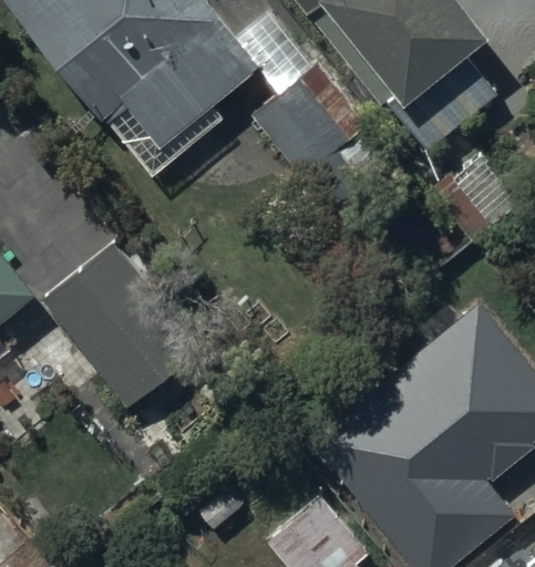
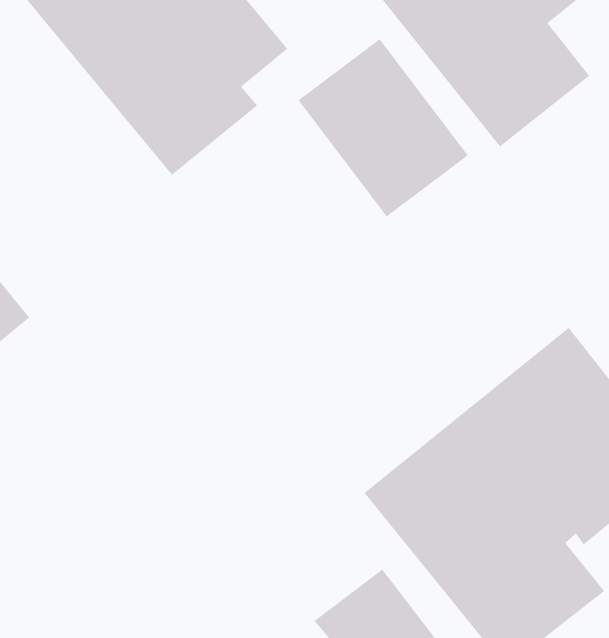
building: [42,241,197,404] -> none

